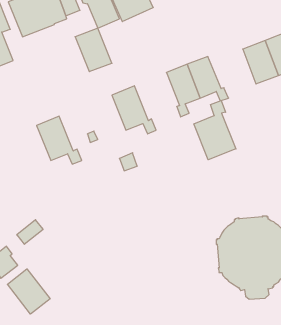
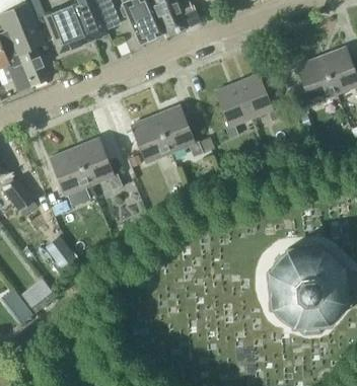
building: [75,28,112,72] -> [131,114,170,161]
building: [194,101,236,160] -> none
building: none -> [50,147,89,195]
building: [7,269,50,314] -> none

